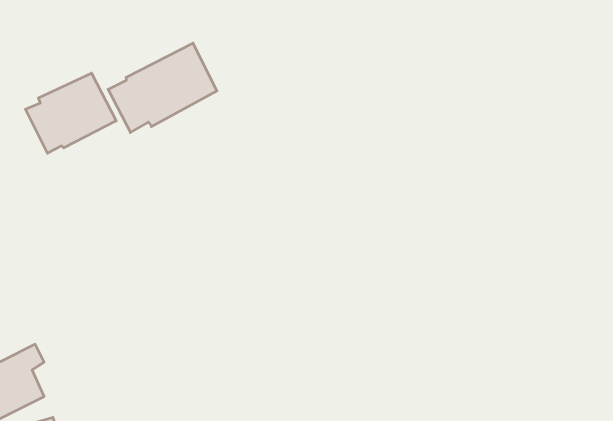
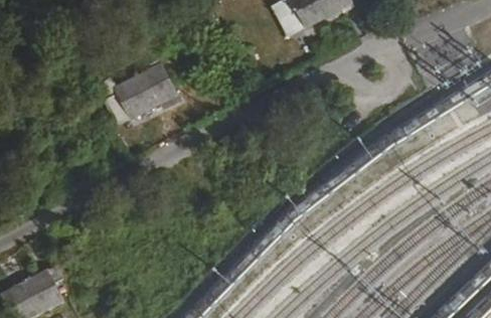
building: [25,73,116,153] -> none

